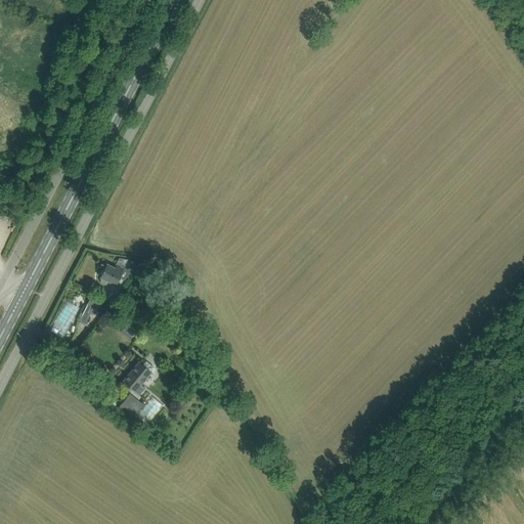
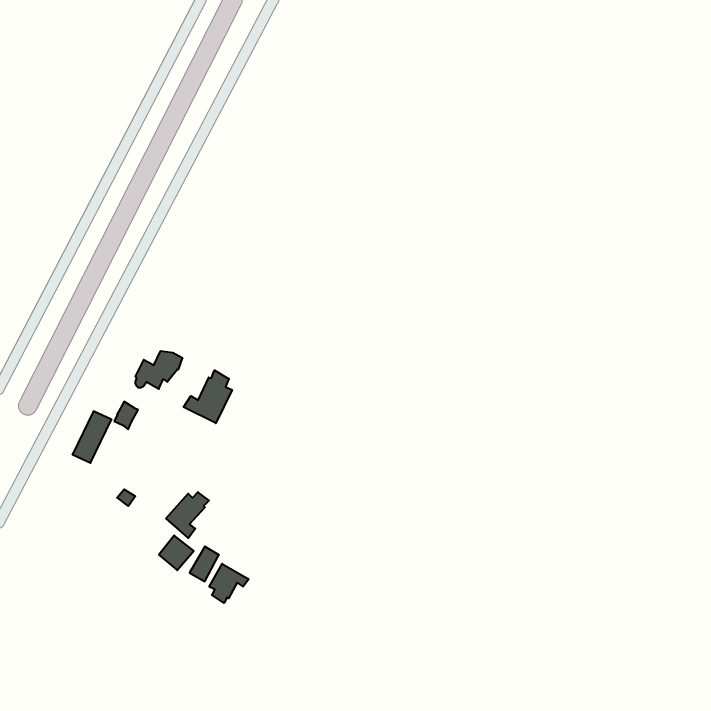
building: none -> [184,370,232,423]
building: none -> [209,564,249,603]

